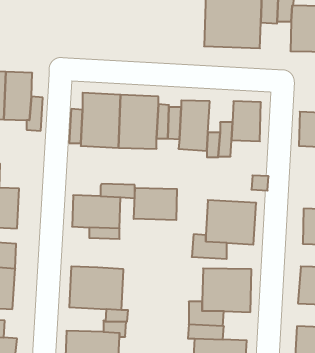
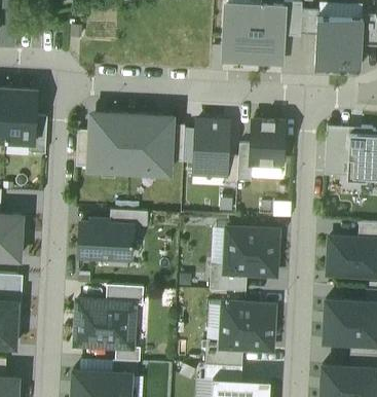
building: [134,188,177,220] -> none
building: none -> [107,285,144,304]

